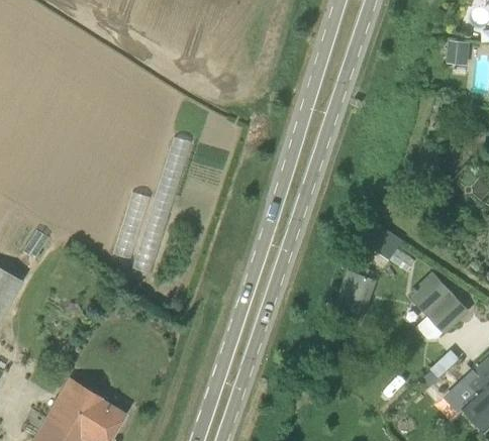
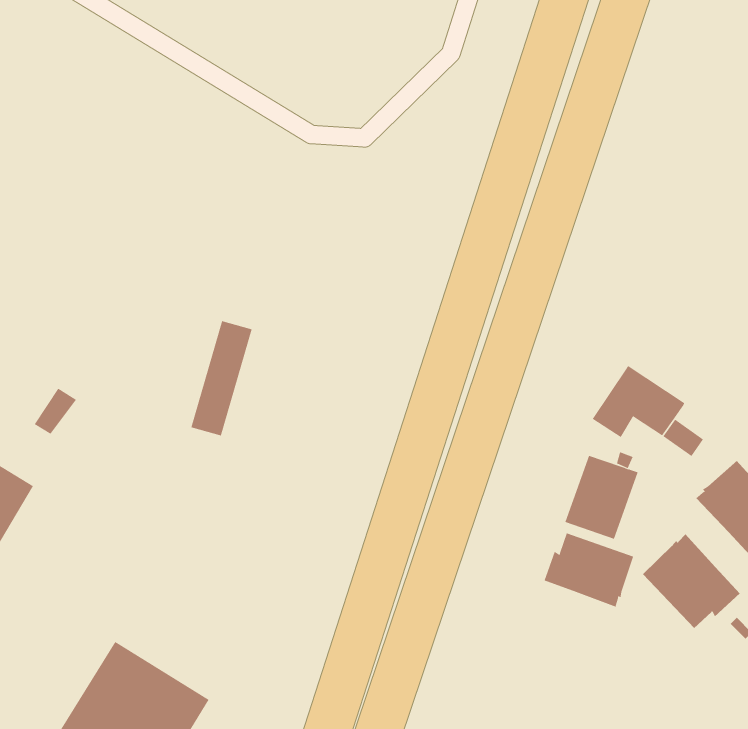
building: [134,136,191,272] -> none
building: none -> [544,533,634,607]
building: none -> [642,533,740,629]

